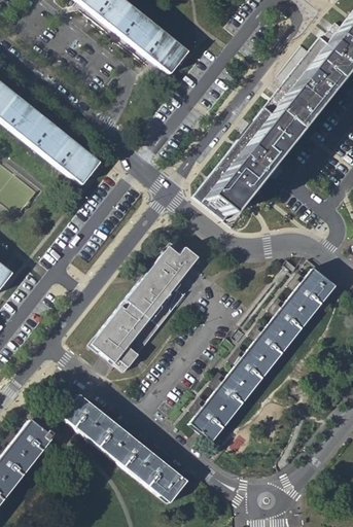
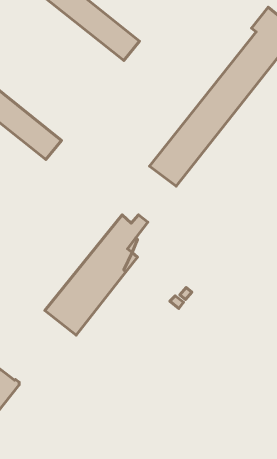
building: [190,269,336,441] -> none
building: [62,394,187,502] -> none

